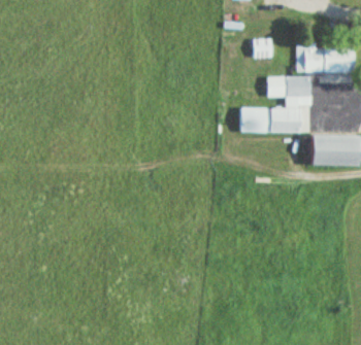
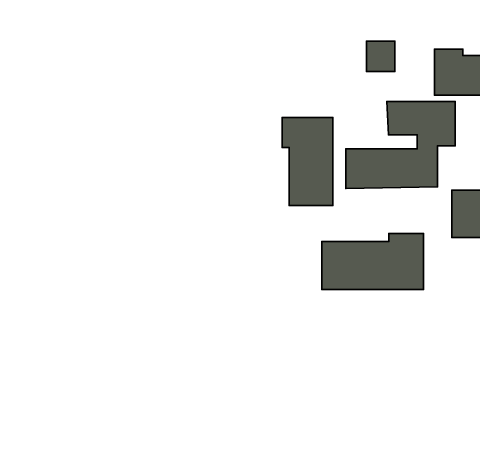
building: none -> [282,118,333,205]
building: none -> [322,234,423,290]

